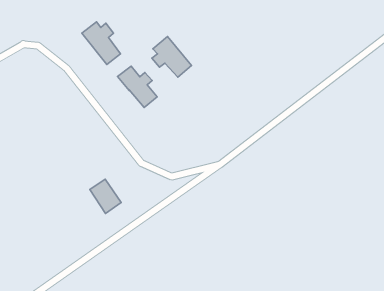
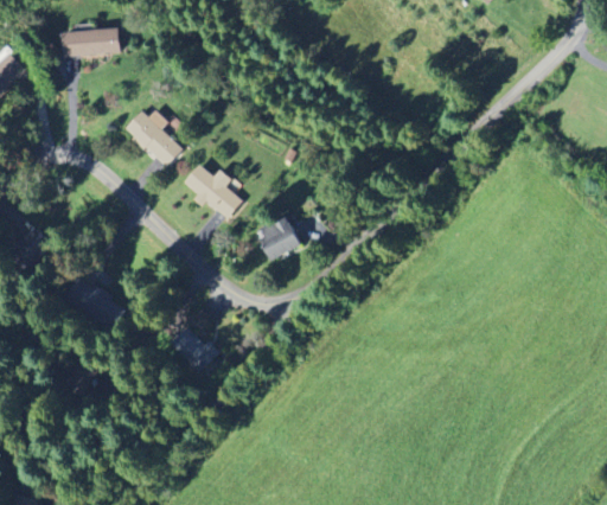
building: [152,37,191,77] -> none
building: none -> [257,217,300,260]

